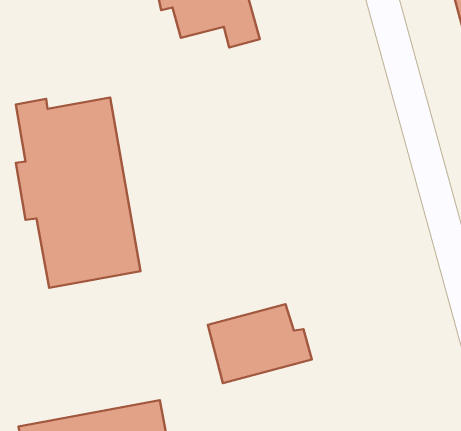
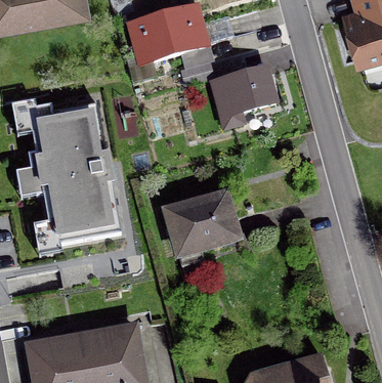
building: none -> [211,66,281,126]
building: [208,304,312,383] -> [164,197,241,255]

